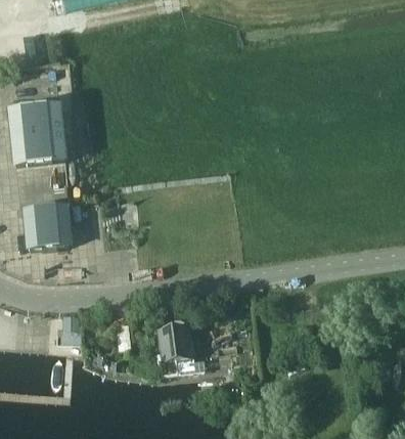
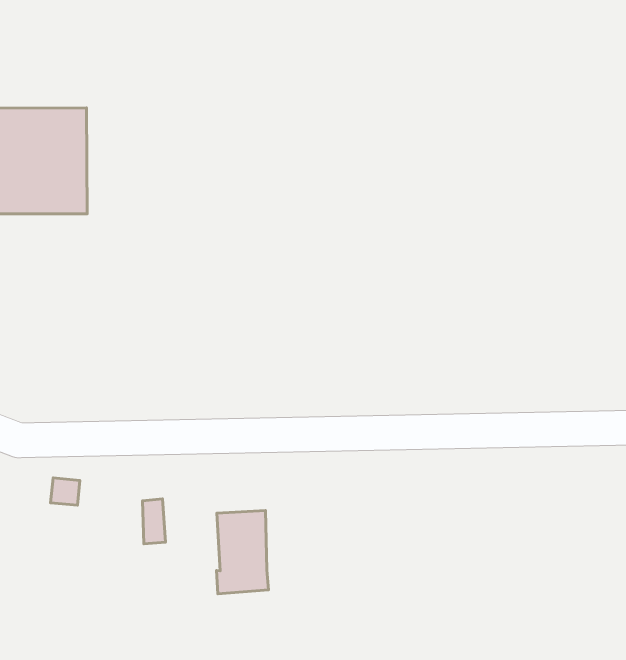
building: [28,201,73,246] -> none

